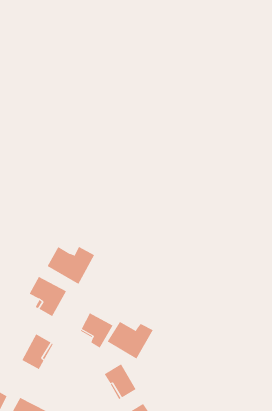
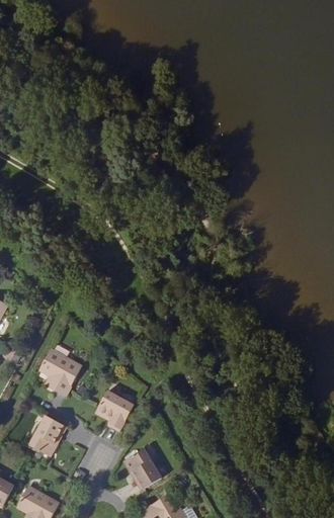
building: [47,246,95,285] -> none
building: [107,321,154,360] -> none

